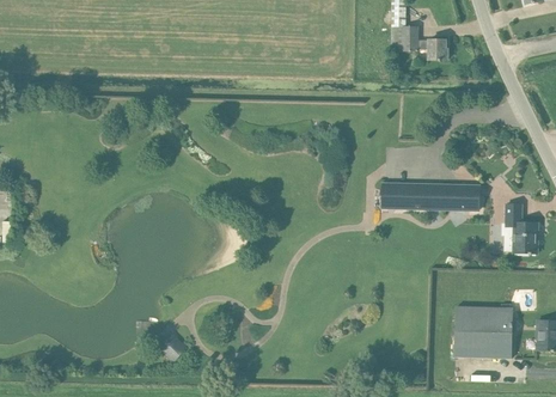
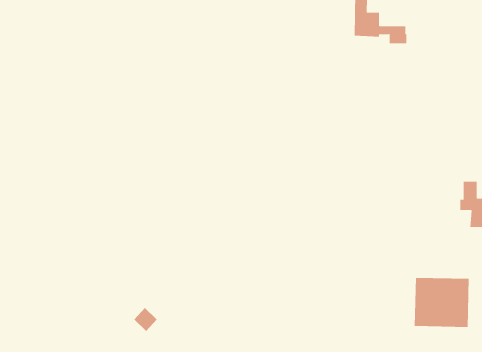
building: [381,182,481,210] -> none

